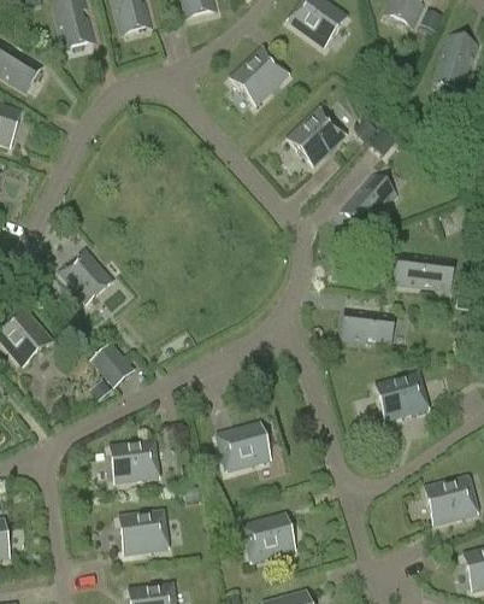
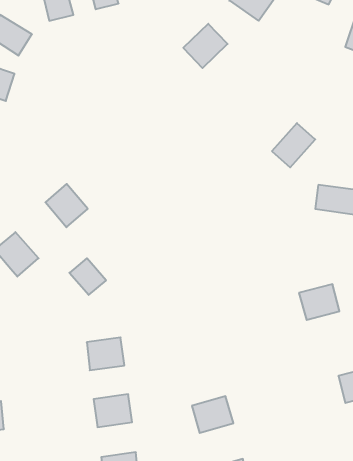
building: [288,110,344,165] -> none
building: [342,306,392,342] -> none
building: [218,423,268,469] -> none

